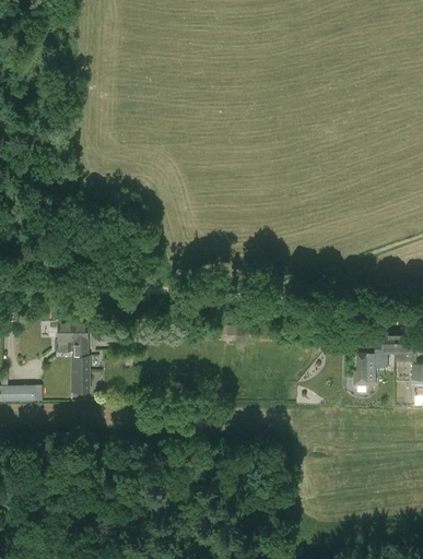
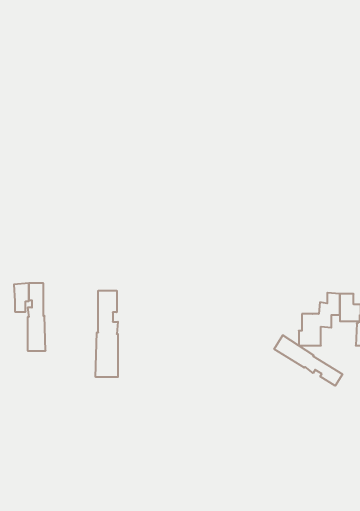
building: none -> [96,291,118,377]
building: none -> [274,335,342,386]

